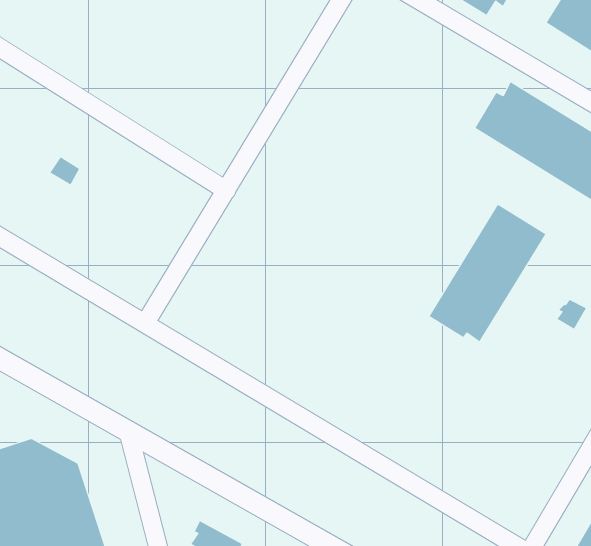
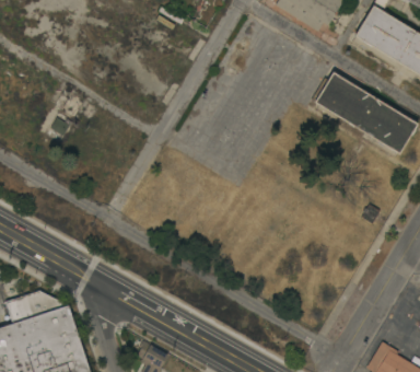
building: [429,204,546,342] -> none

